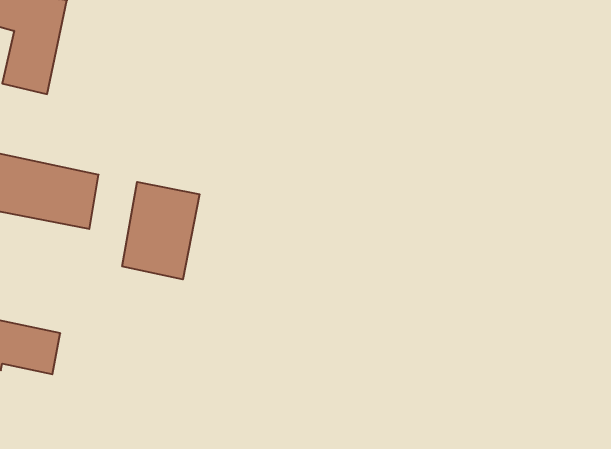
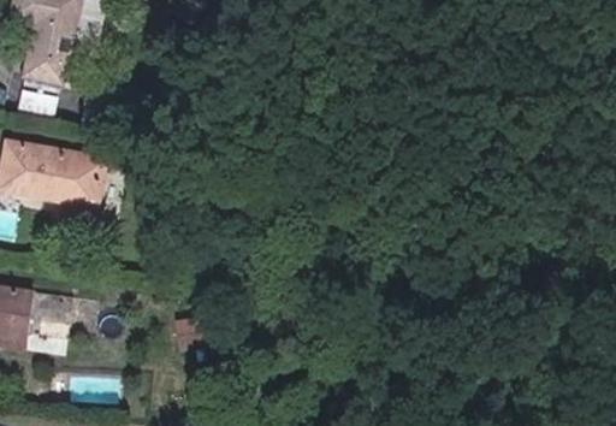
building: [122,182,200,279] -> none

